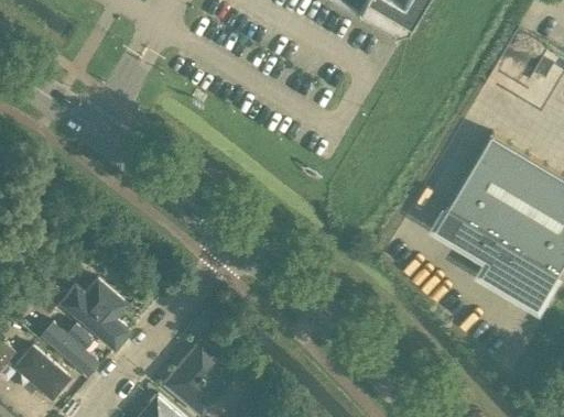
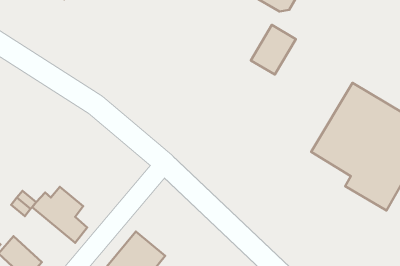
building: none -> [251,25,296,75]
building: [39,322,99,378] -> none

